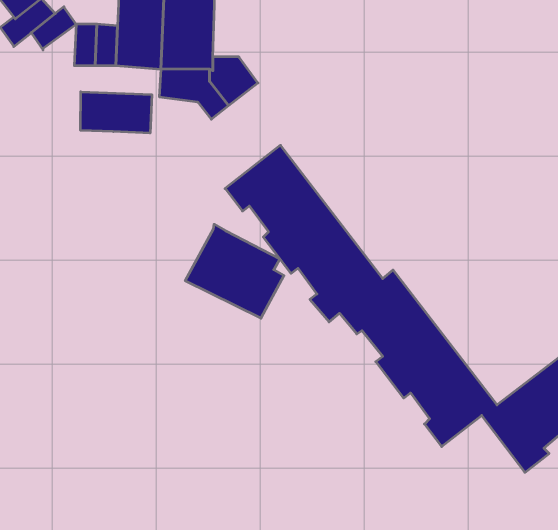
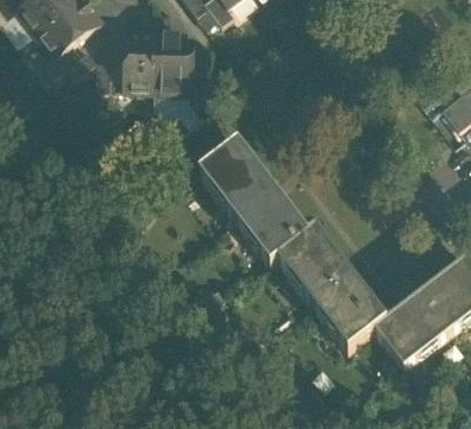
building: [81,92,152,133] -> none
building: [185,224,284,318] -> none

